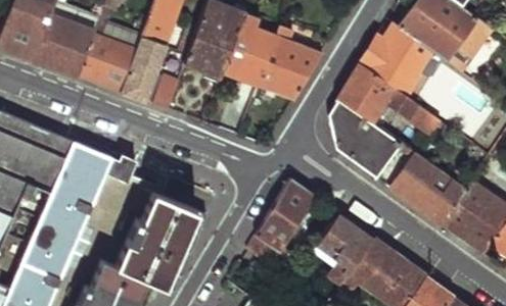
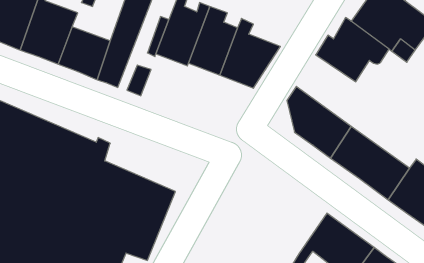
building: [339,64,440,135] -> none
building: [246,179,316,263] -> none
building: [315,214,373,283] -> none

